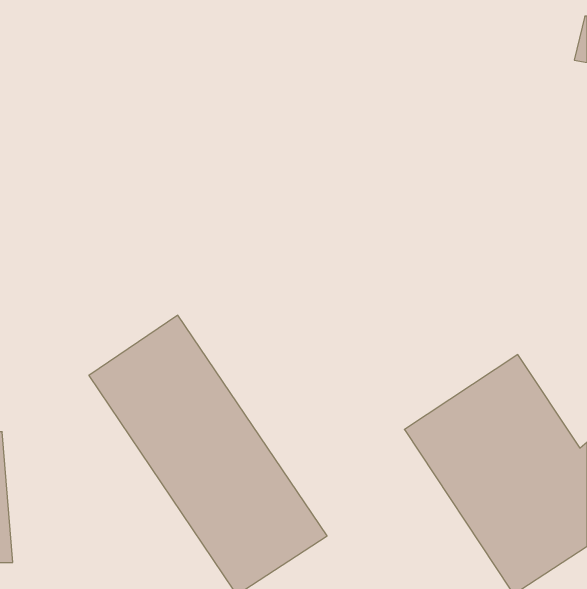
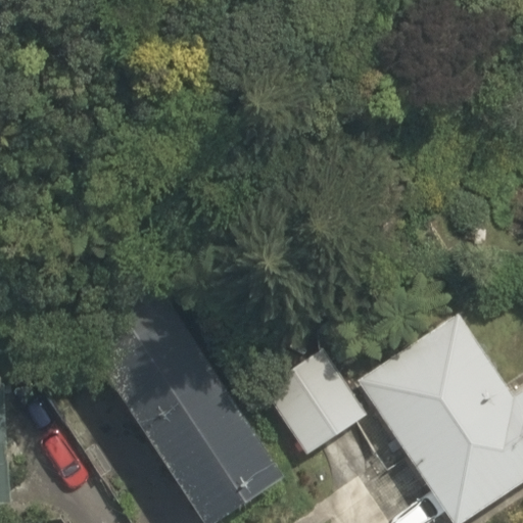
building: none -> [262,350,365,457]

